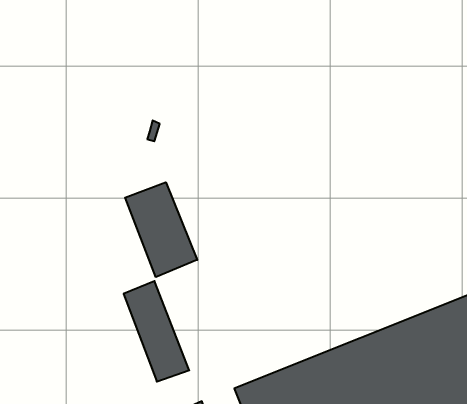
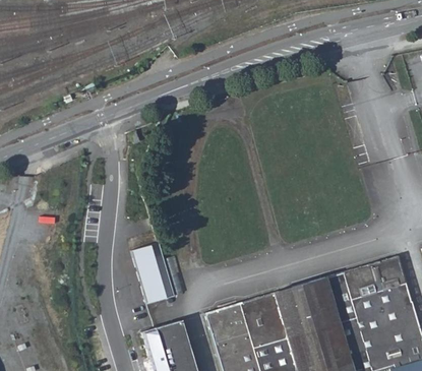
building: [125,182,197,277] -> none

